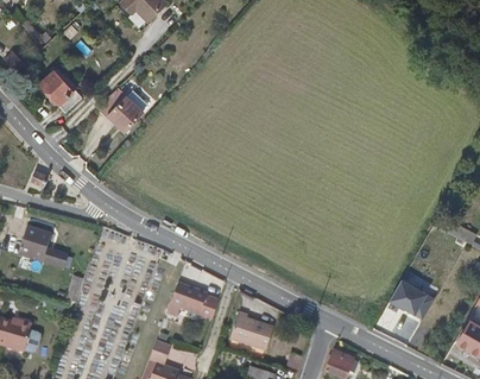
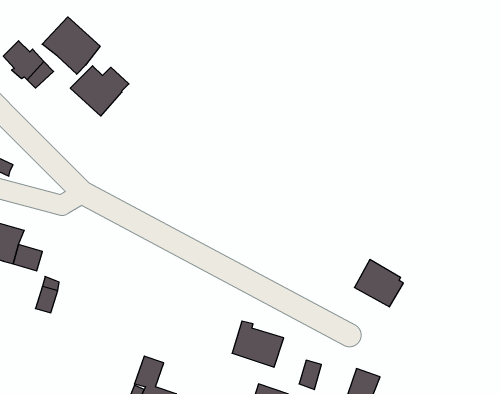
building: none -> [42,17,100,74]
building: [391,278,432,318] -> [354,260,403,307]
building: [169,280,217,316] -> none

